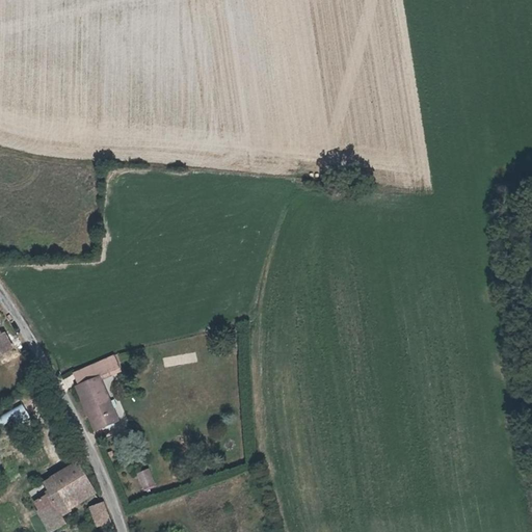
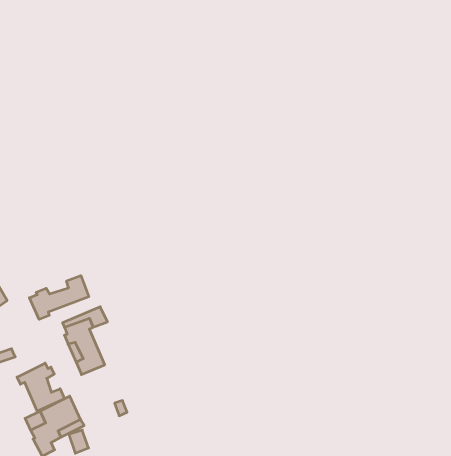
building: none -> [29,276,89,319]
building: none -> [17,363,64,411]

